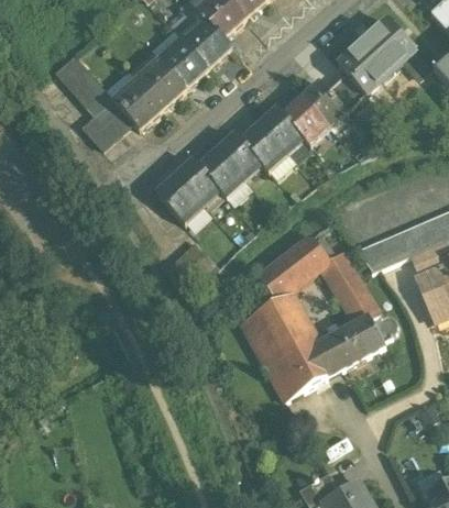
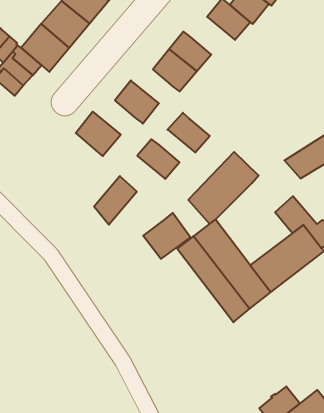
building: [283,98,326,142] -> none
building: [218,135,259,176] -> [167,113,210,152]
building: [176,161,217,201] -> [137,139,179,179]
building: [322,254,361,299] -> none
building: none -> [143,213,191,259]

